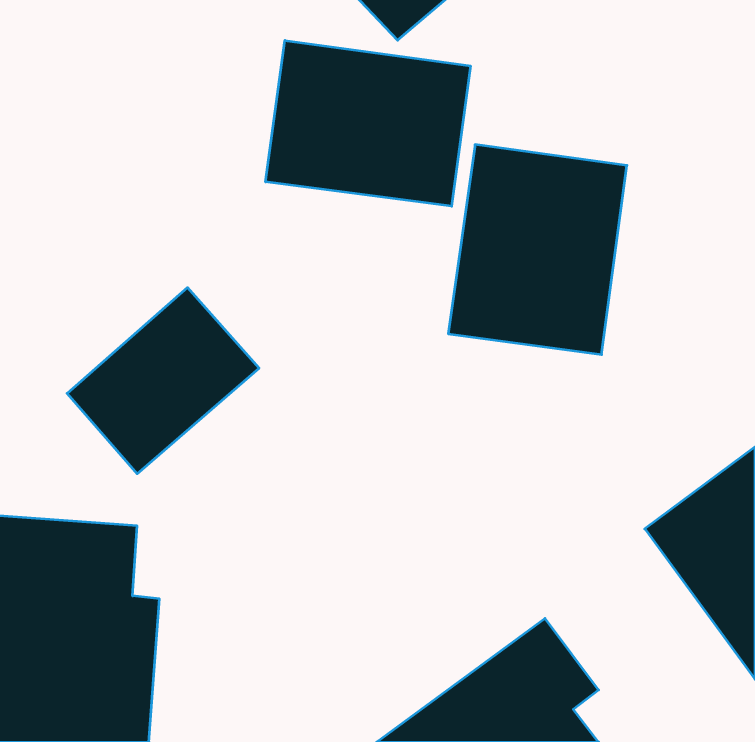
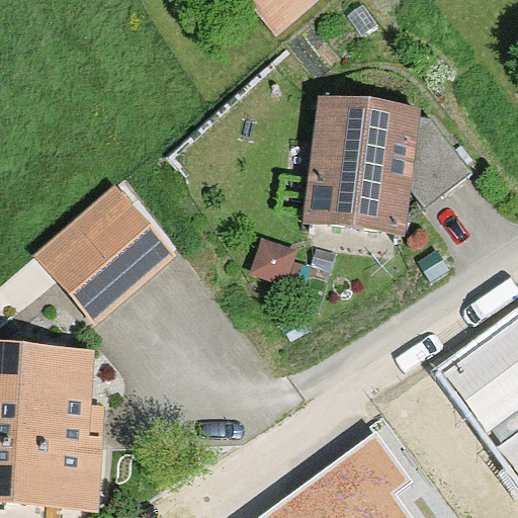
building: [266,40,470,206] -> none

